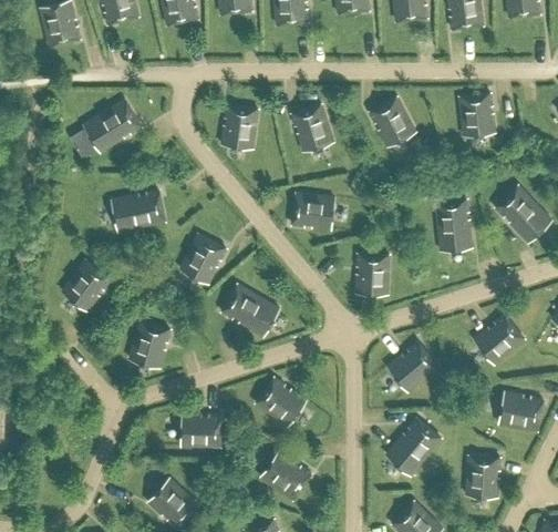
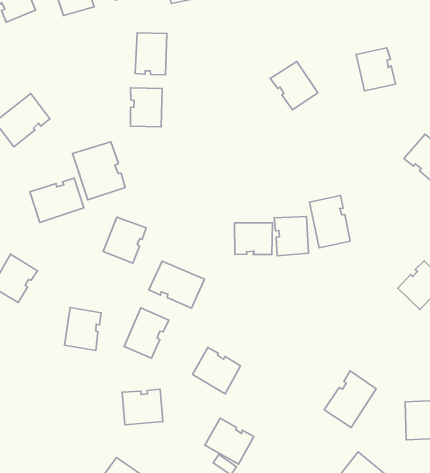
building: none -> [135,33,167,75]
building: [291,104,333,151] -> none
building: none -> [72,142,125,200]
building: [292,193,334,229] -> [234,223,273,255]
building: [435,200,472,250] -> [310,195,350,248]
building: none -> [124,308,169,358]
building: [388,342,437,391] -> none

